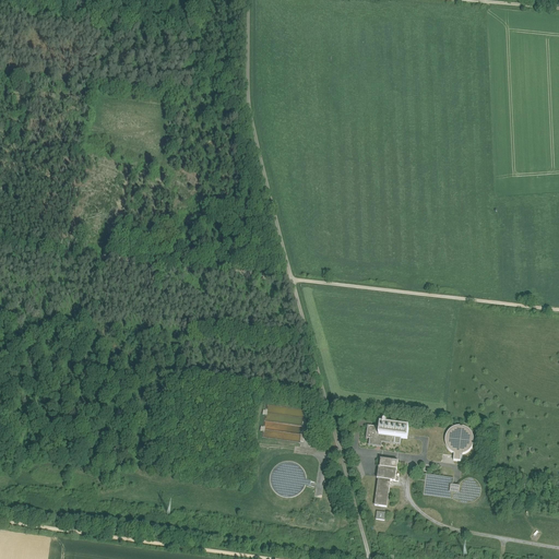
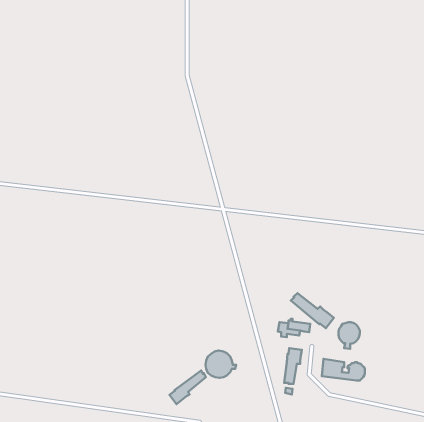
building: none -> [291,293,334,328]
building: none -> [170,370,206,404]

